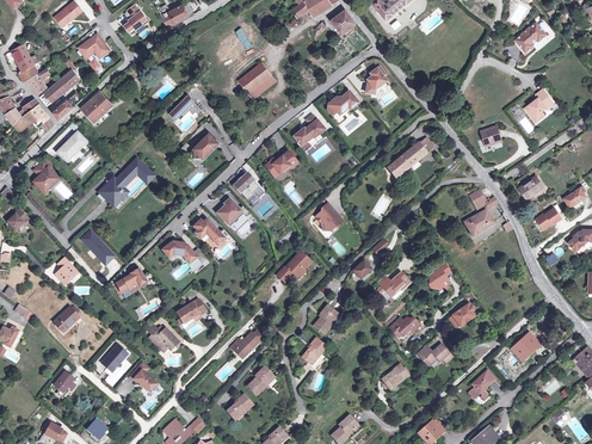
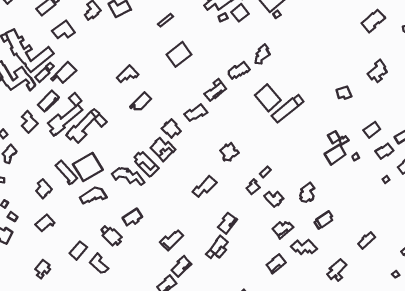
building: none -> [255,84,281,111]
building: none -> [48,93,83,136]
building: none -> [73,153,103,181]

